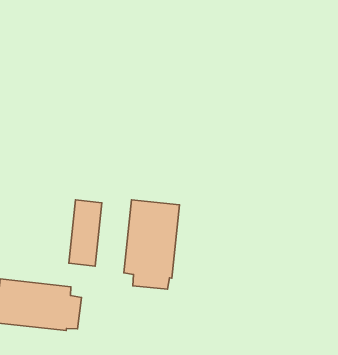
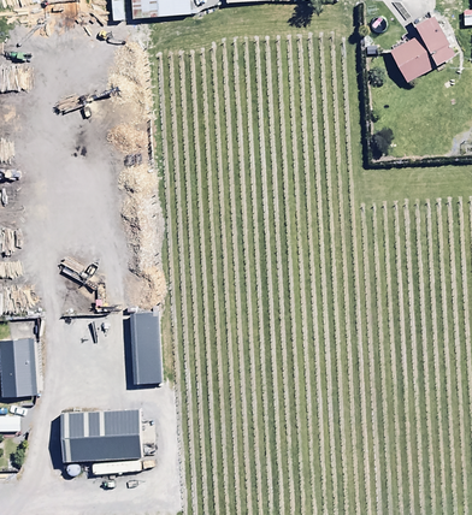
building: [124,200,180,289] -> none

